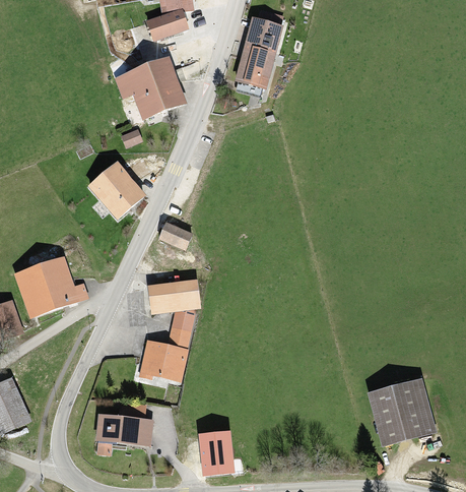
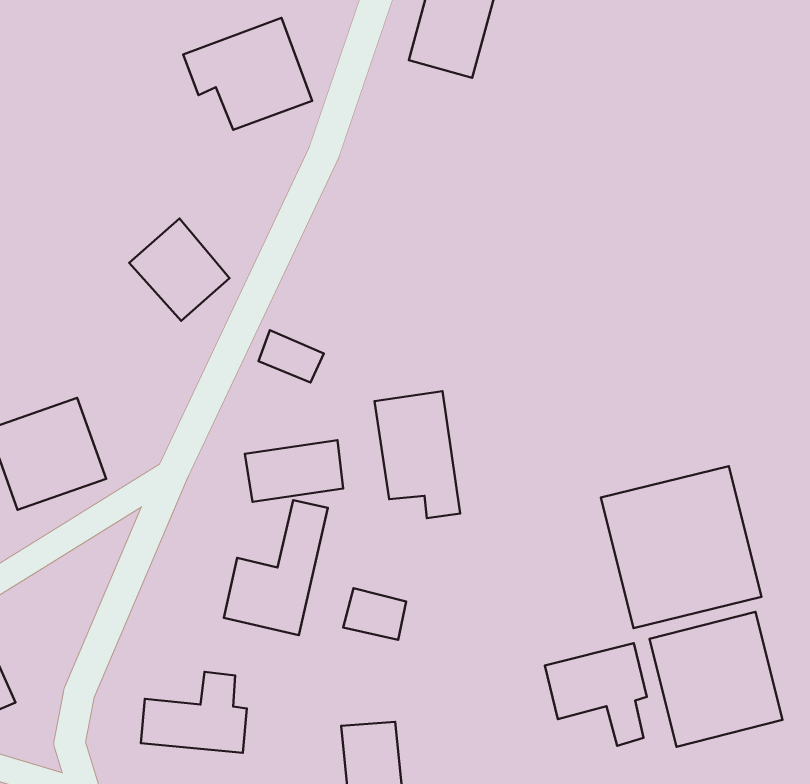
building: none -> [375,391,460,518]
building: none -> [601,466,762,628]
building: none -> [343,588,406,640]
building: none -> [545,643,647,746]

